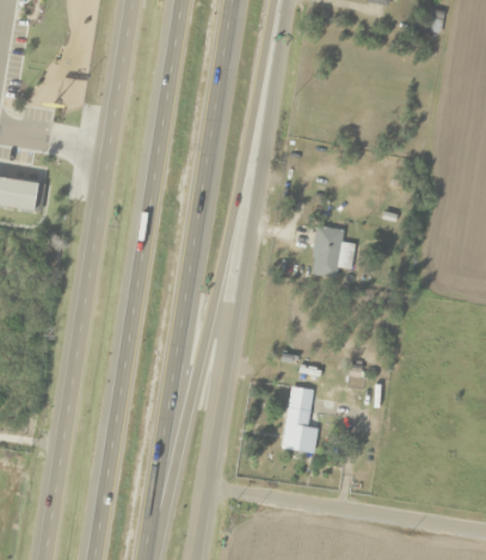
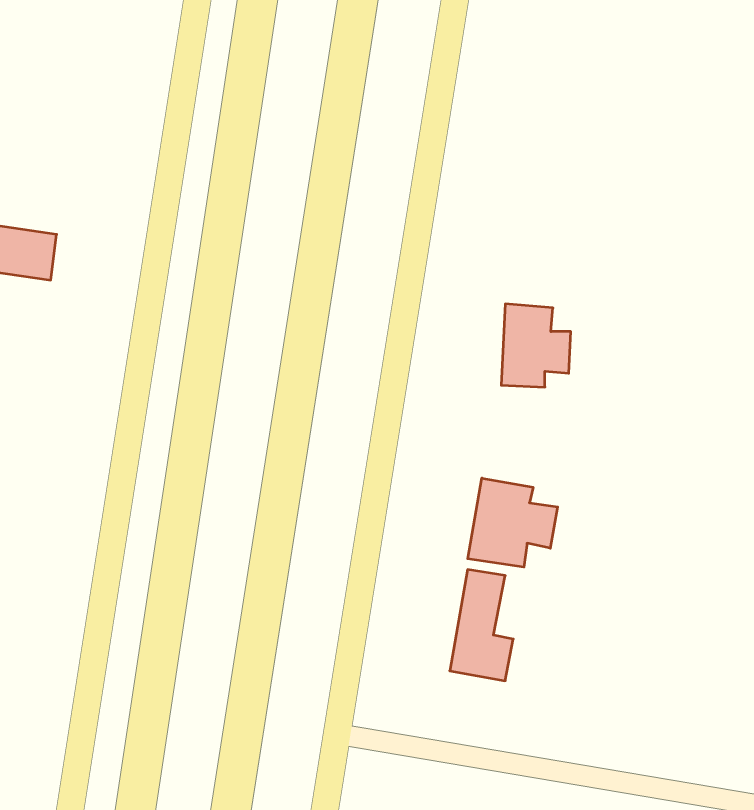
building: none -> [468,478,558,567]

